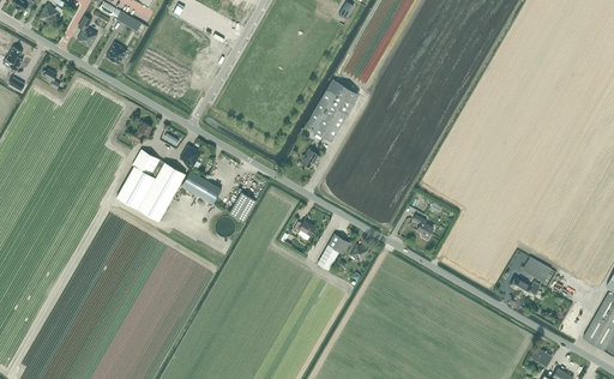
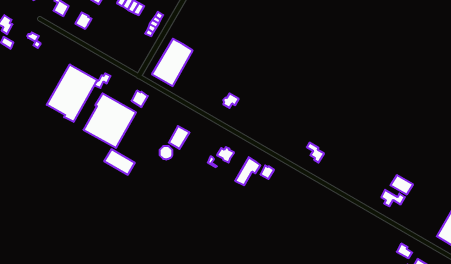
building: [305,79,359,142] -> [152,39,193,86]
building: none -> [47,64,97,122]
building: [181,170,222,204] -> [104,149,135,175]

